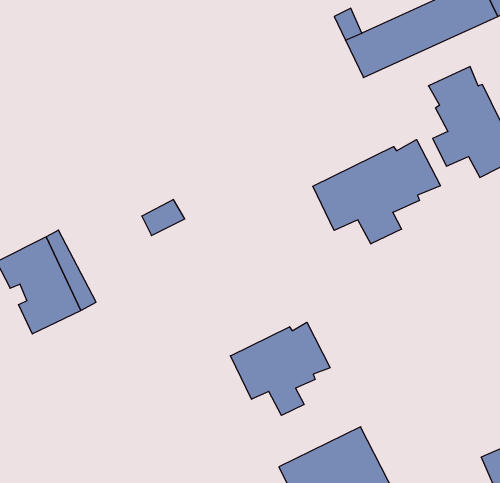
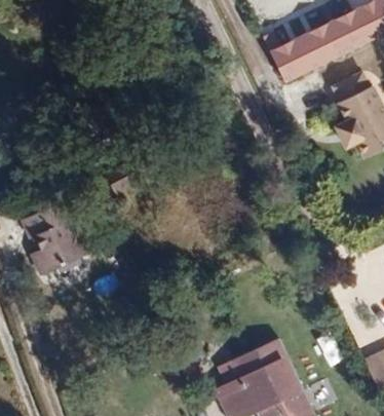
building: [313,140,440,244] -> none
building: [230,322,330,415] -> none

